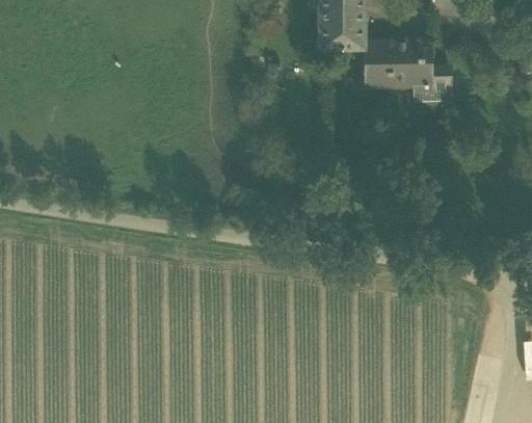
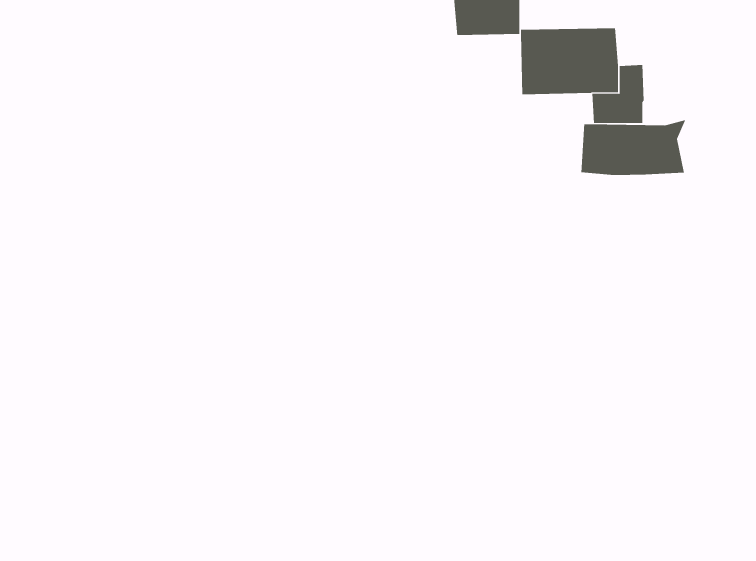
building: none -> [581,119,686,176]

